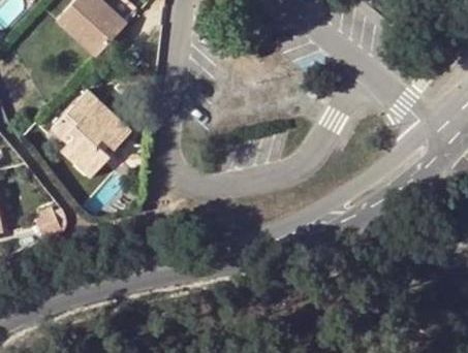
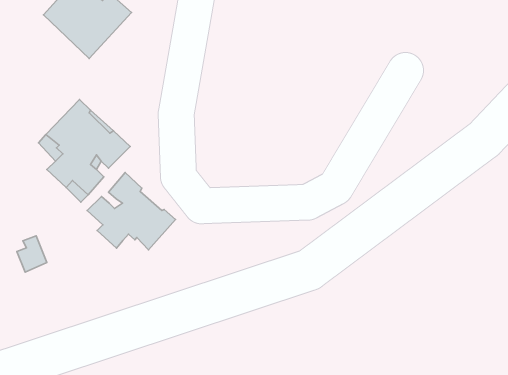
building: none -> [87,173,176,250]

